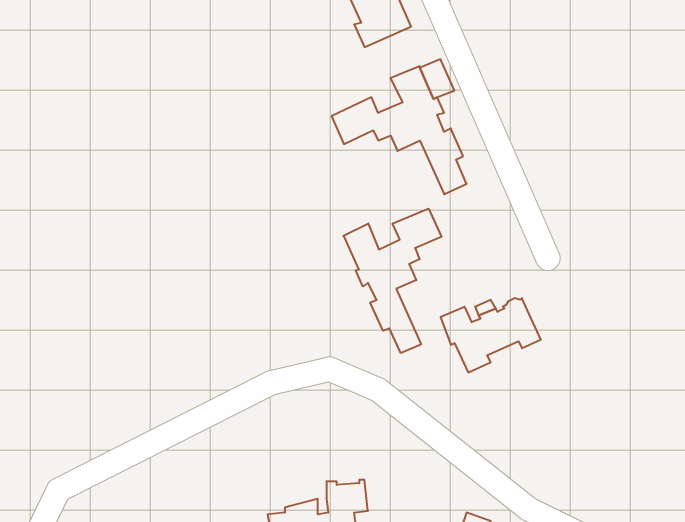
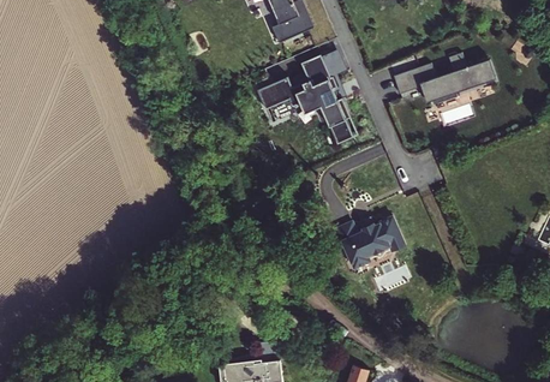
building: none -> [395,52,497,105]
building: [343,209,441,353] -> none

